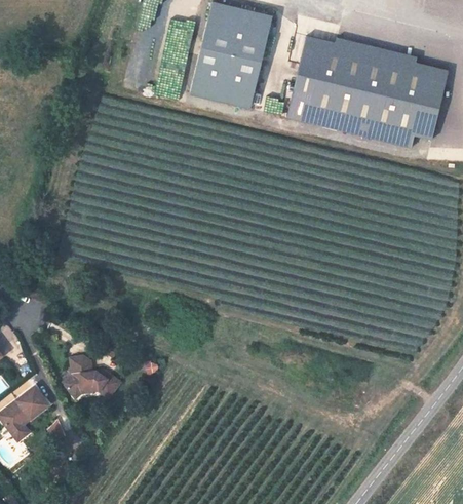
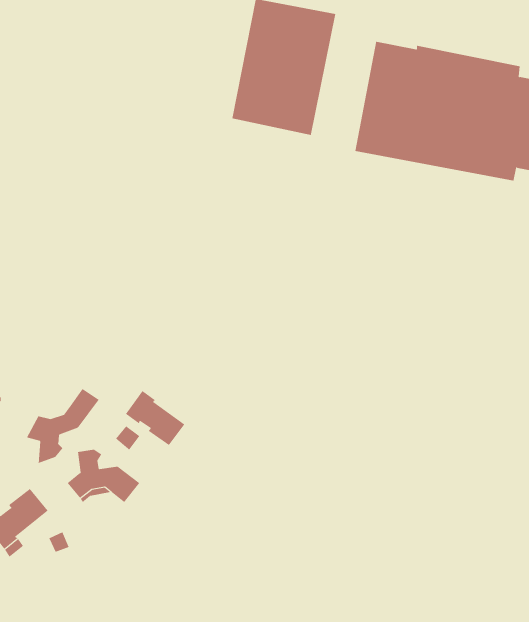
building: none -> [26,388,99,464]
building: none -> [125,390,185,446]

